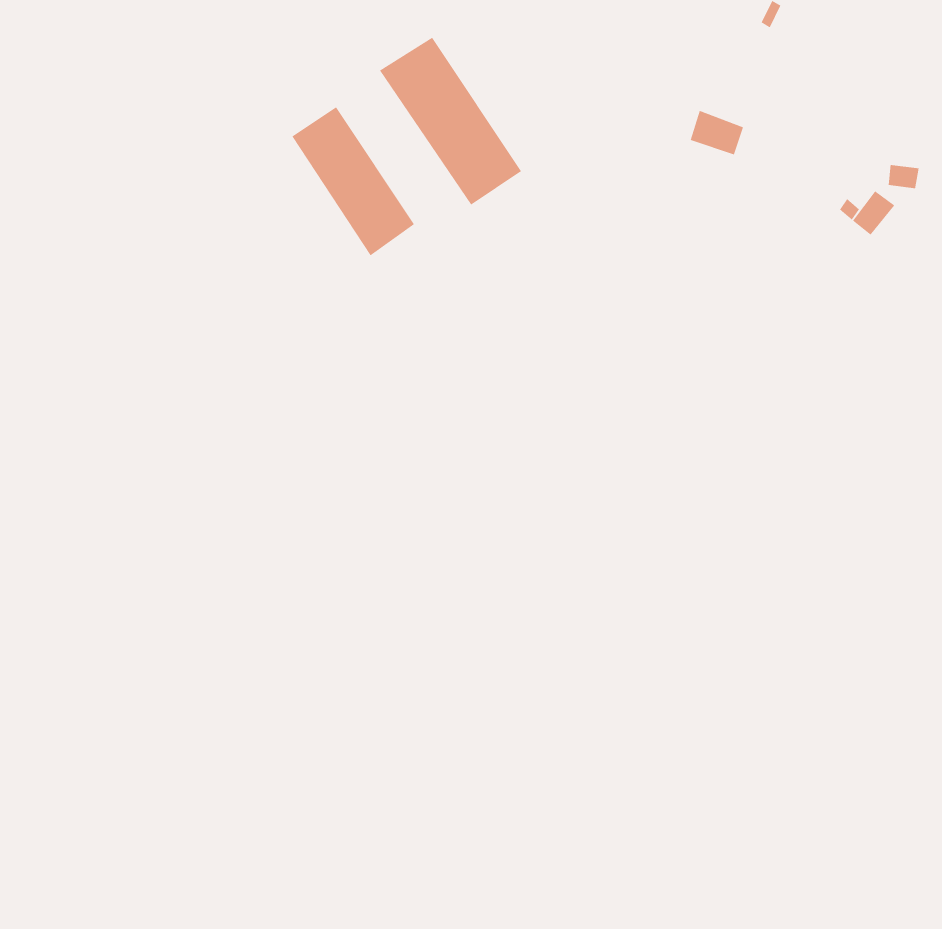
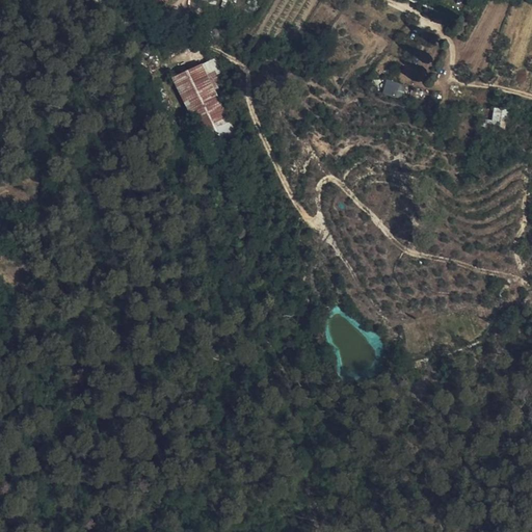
building: [379,37,522,206] -> none

